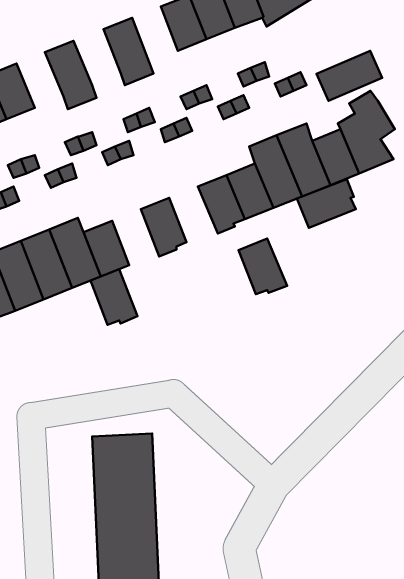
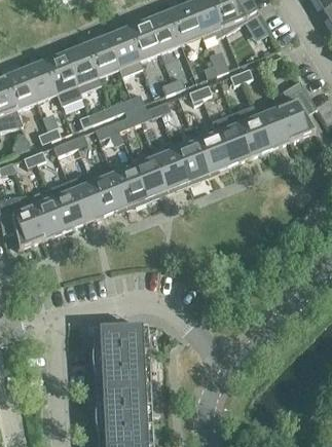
building: none -> [127,20,160,60]
building: none -> [85,36,119,76]
building: [316,51,382,101] -> none
building: none -> [44,52,78,92]
building: [297,179,356,228] -> none
building: [239,239,287,294] -> [154,149,189,189]
building: [90,269,138,325] -> [113,165,147,206]

